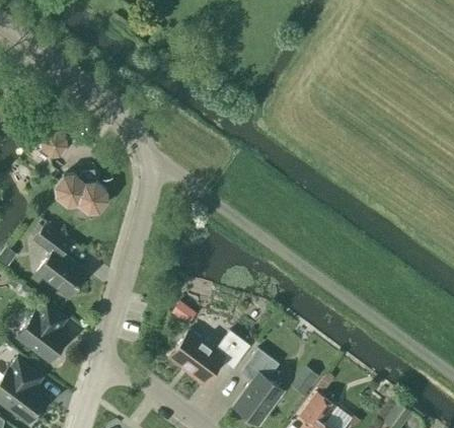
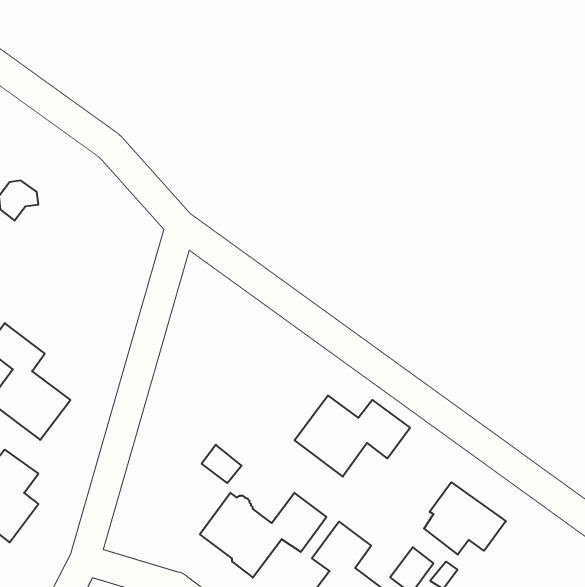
building: [55,172,106,214] -> none
building: none -> [295,395,410,477]
building: none -> [424,482,506,555]

